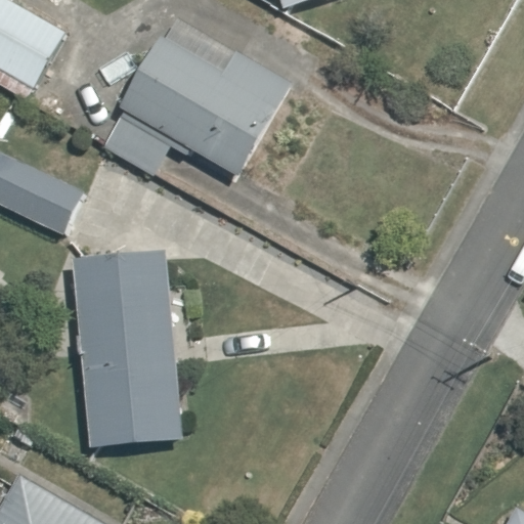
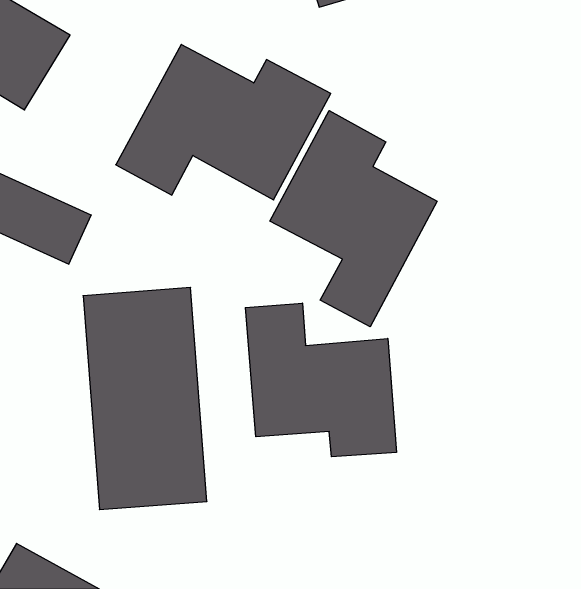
building: none -> [270,111,437,327]
building: none -> [245,303,396,457]

